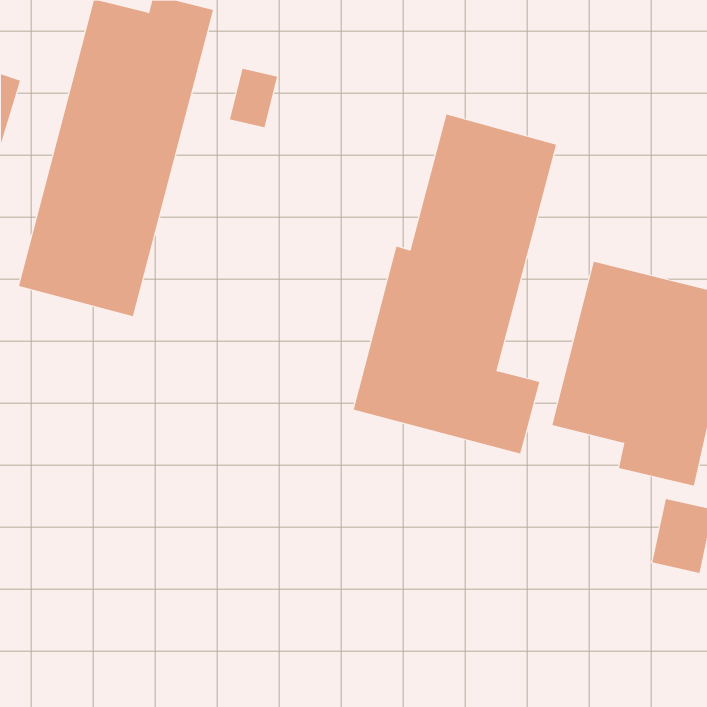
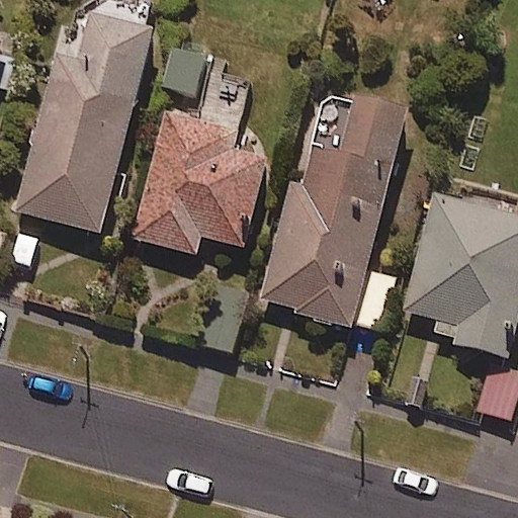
building: none -> [133,111,265,254]

